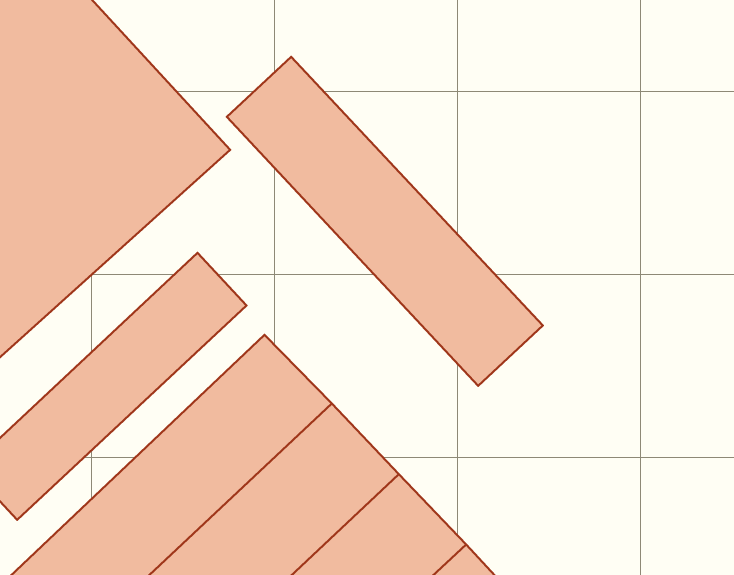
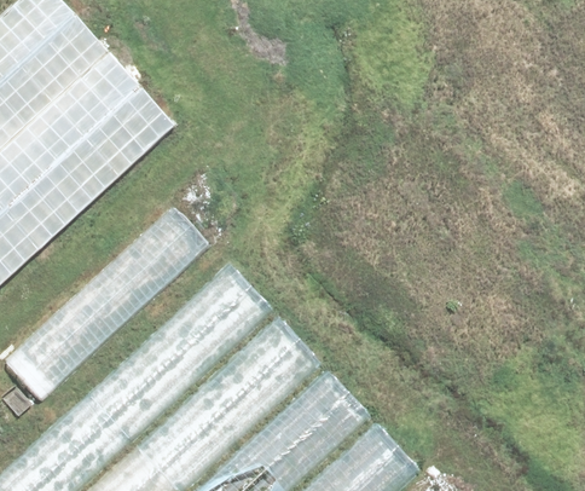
building: [227,57,543,386] -> none

